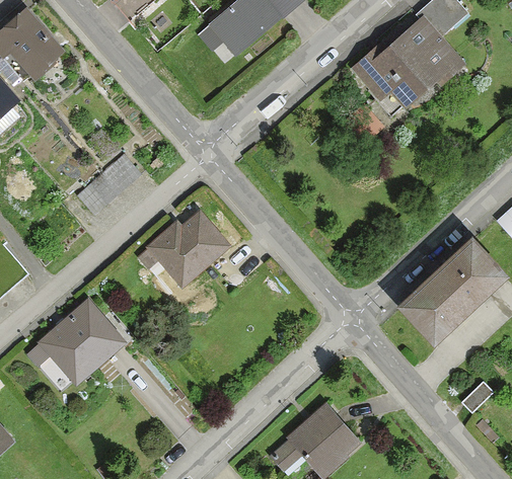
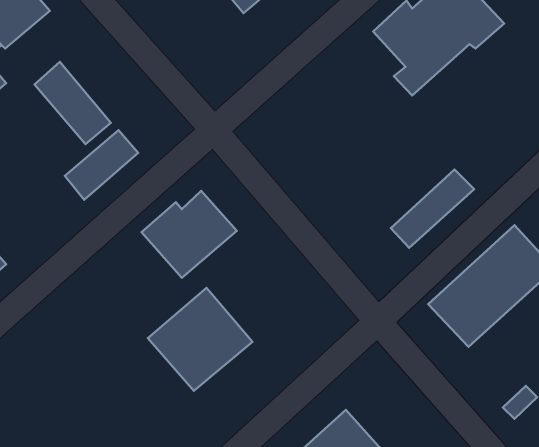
building: none -> [35,62,111,144]
building: none -> [391,169,474,248]
building: [35,298,128,389] -> [148,288,252,391]

